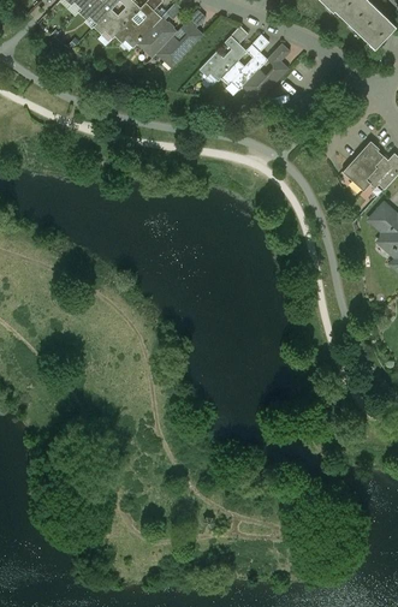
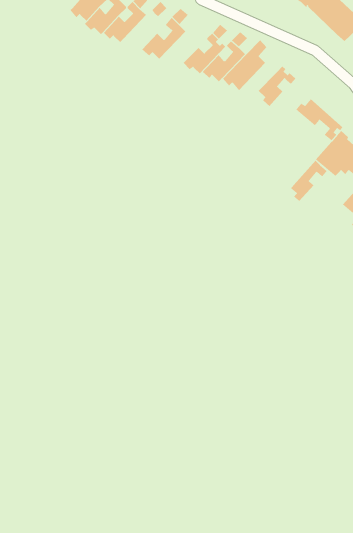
building: [135,17,176,58] -> none
building: none -> [258,65,296,107]
building: none -> [296,99,344,141]
building: none -> [290,160,328,202]

